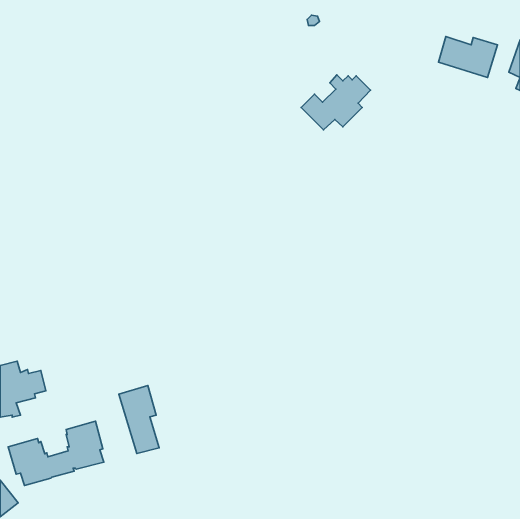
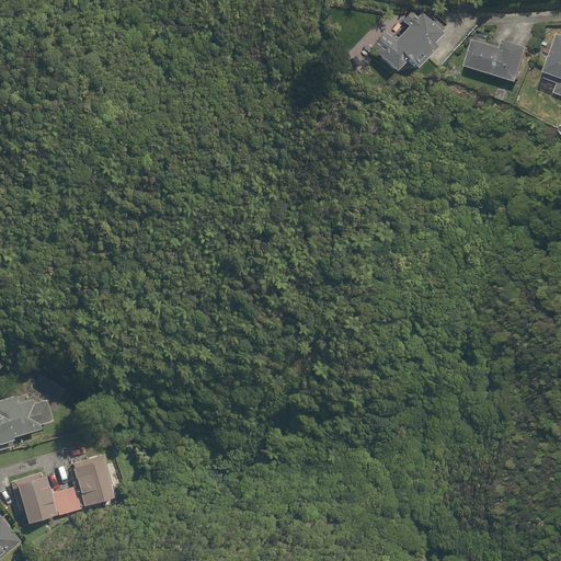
building: [301,75,370,130] -> [368,13,443,72]
building: [119,385,159,454] -> none

